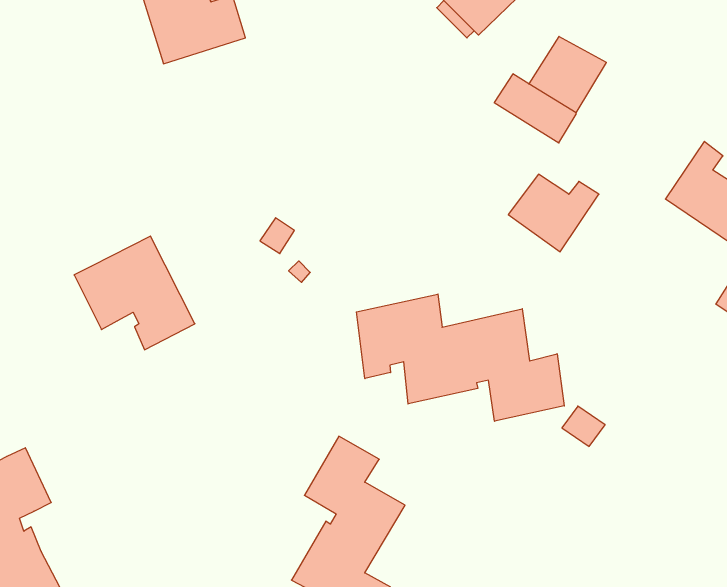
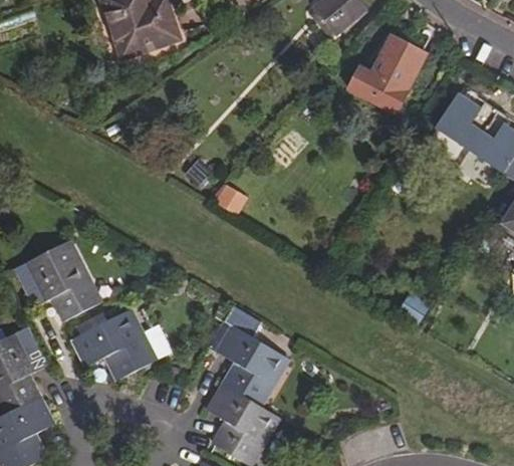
building: [508,174,599,252] -> [434,95,497,150]
building: [74,236,195,350] -> [10,238,94,317]
building: [356,294,564,421] -> none
building: none -> [68,307,150,376]

